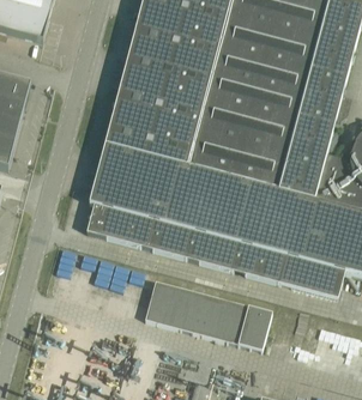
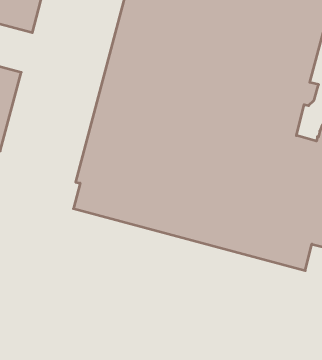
building: [145,278,272,347] -> none

